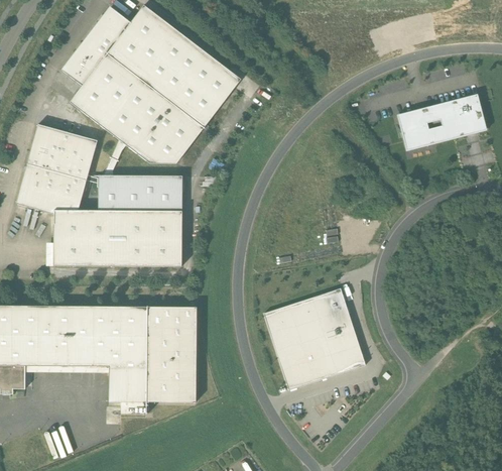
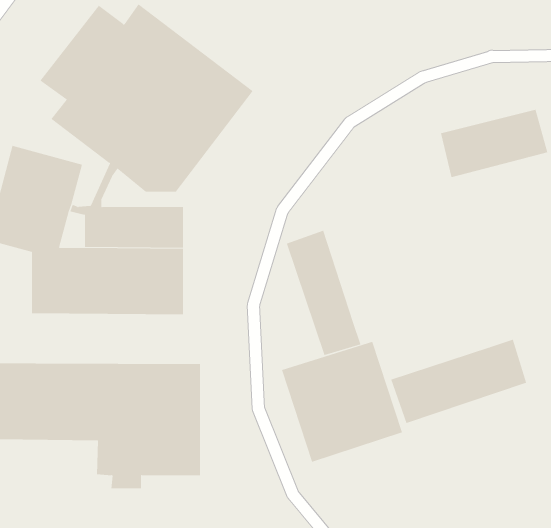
building: none -> [286,230,361,356]
building: none -> [391,339,527,424]

